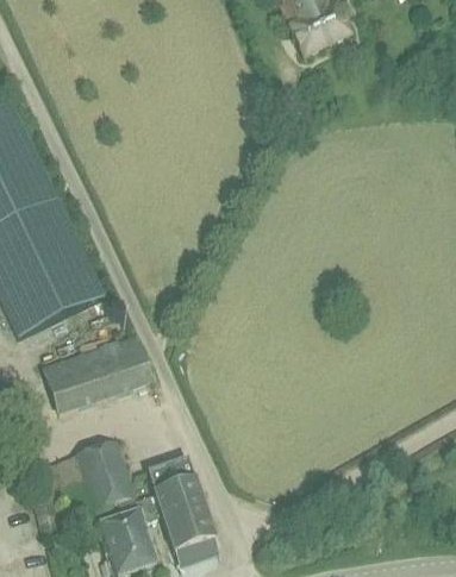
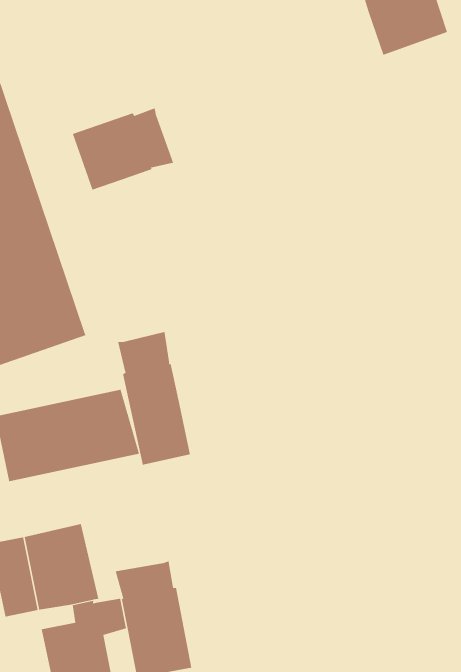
building: none -> [72,108,174,190]
building: none -> [118,331,191,466]

